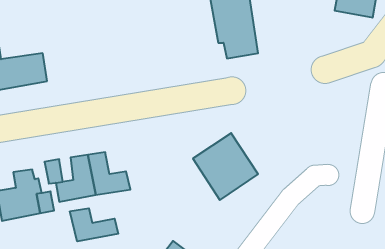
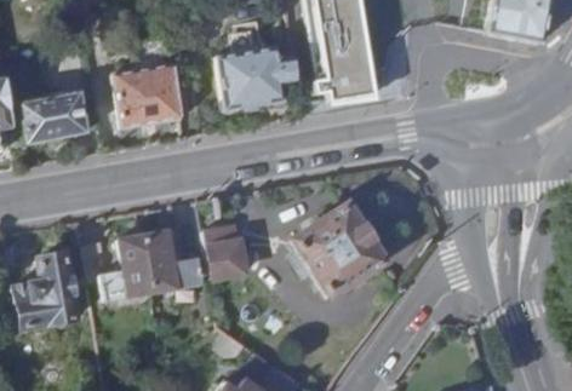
building: none -> [222,30,297,108]
building: none -> [114,62,183,125]
building: none -> [205,223,248,277]
building: [70,208,118,241] -> none

